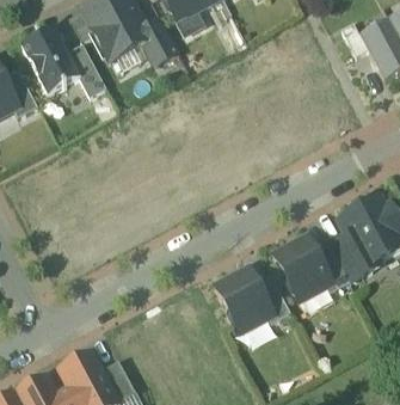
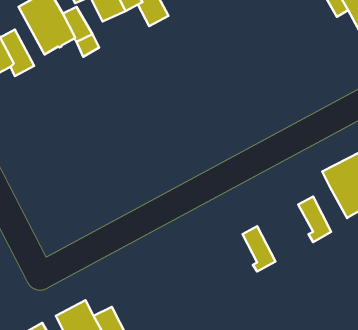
building: [331,234,373,281] -> none
building: [275,237,331,299] -> none
building: [216,268,272,330] -> none

